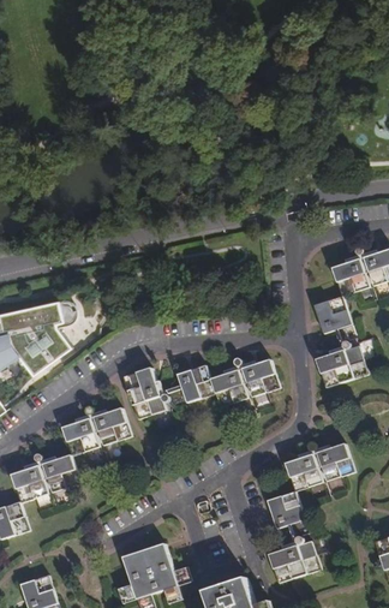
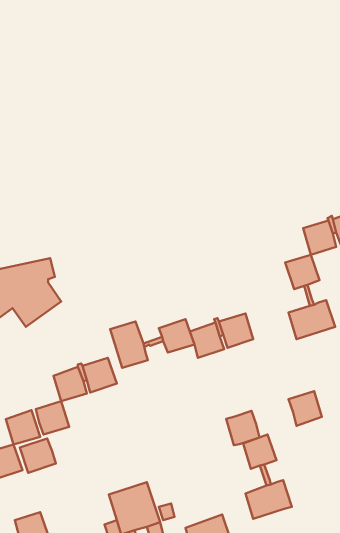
building: [286,452,322,489] -> [226,411,259,445]
building: none -> [20,438,56,473]

